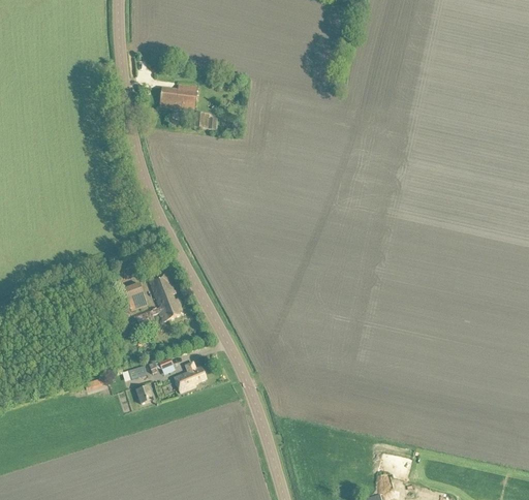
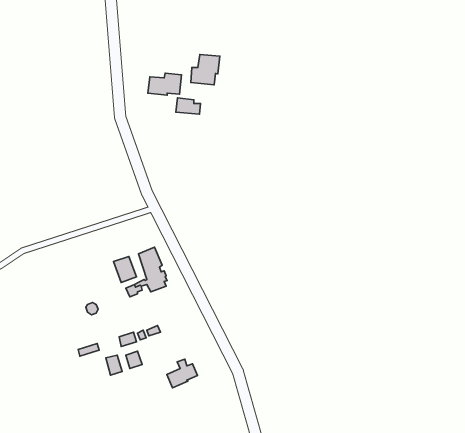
building: none -> [191,54,220,85]
building: [174,362,207,393] -> [167,359,197,388]

